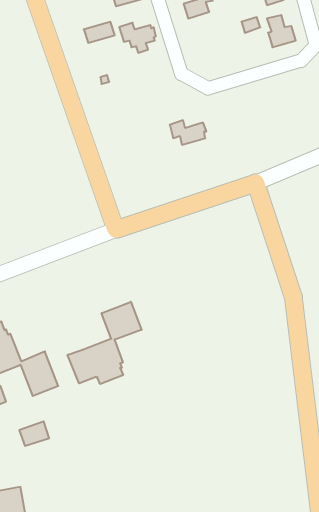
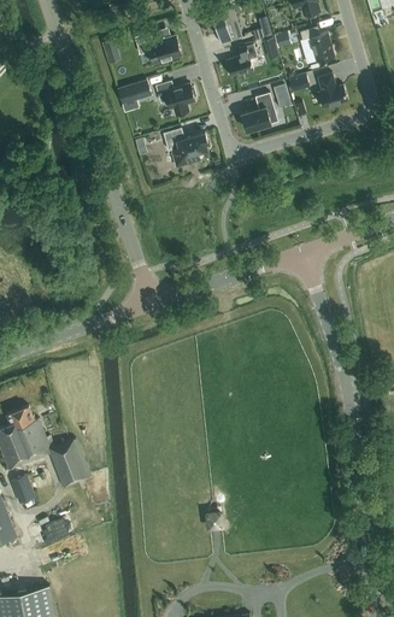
building: none -> [241,92,277,130]
building: [170,120,206,145] -> [167,130,207,157]
building: [68,302,142,384] -> none

